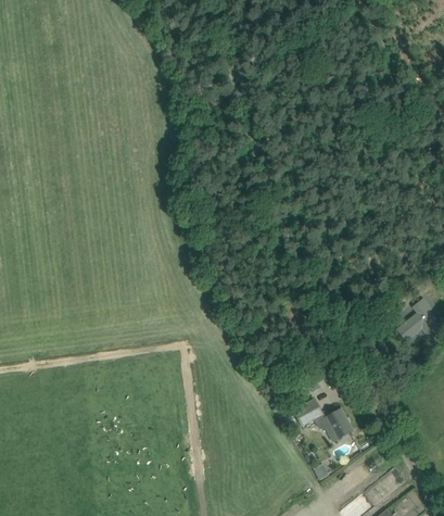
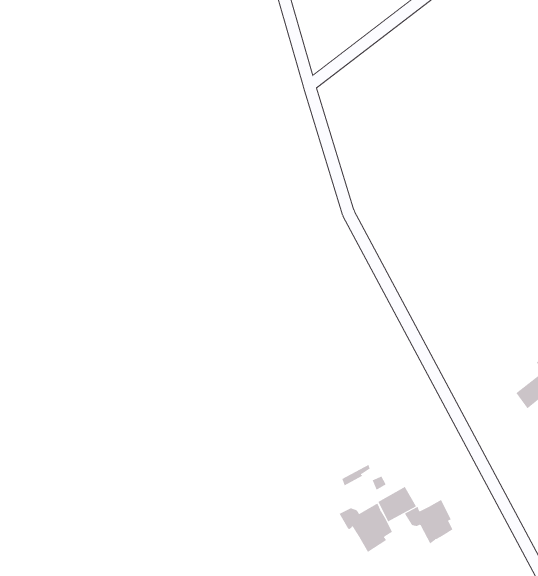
building: none -> [339,502,393,553]

